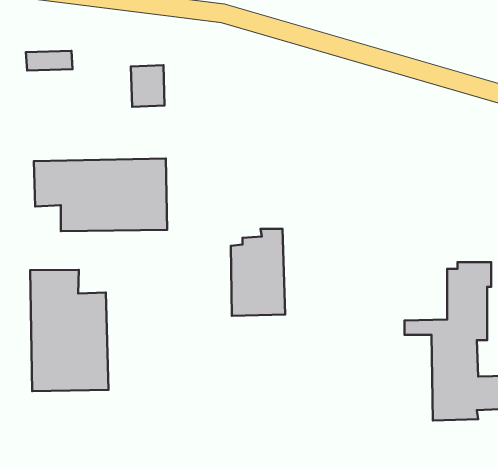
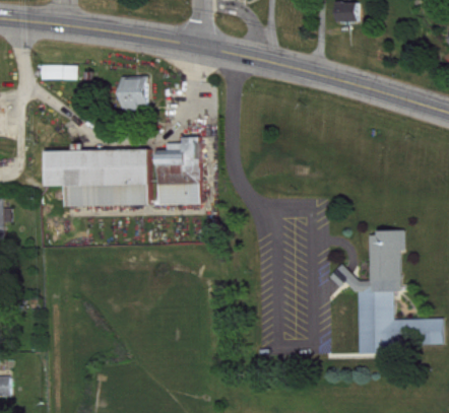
building: [231,229,285,316] -> [156,137,199,205]
building: [30,270,108,391] -> none

